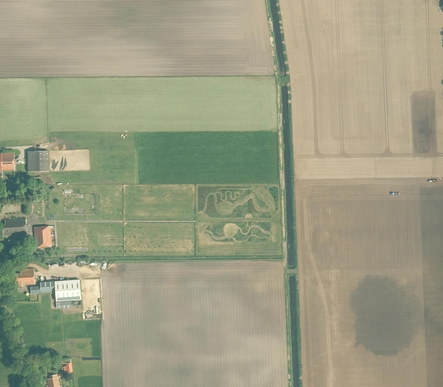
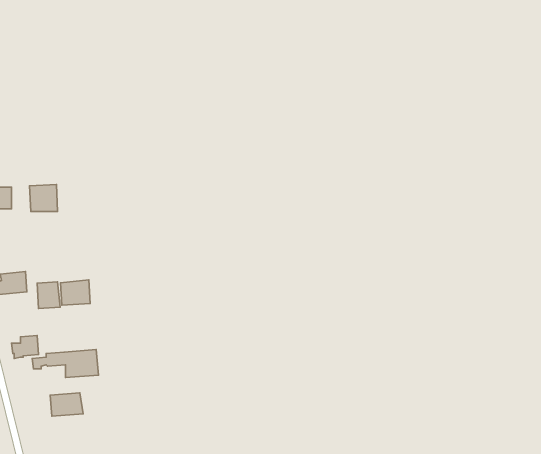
building: none -> [60,280,90,305]
building: none -> [50,393,83,416]

